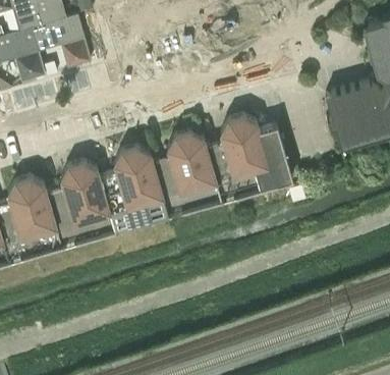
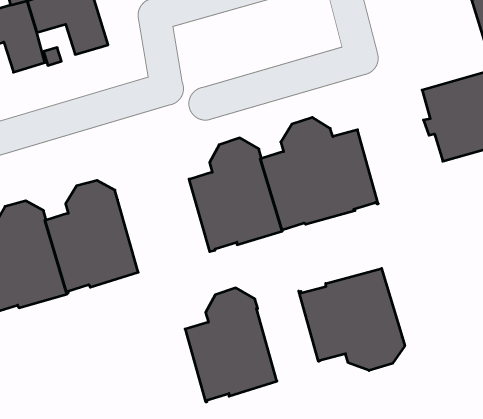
building: [98,145,166,229] -> [185,288,277,402]
building: none -> [299,268,405,371]

